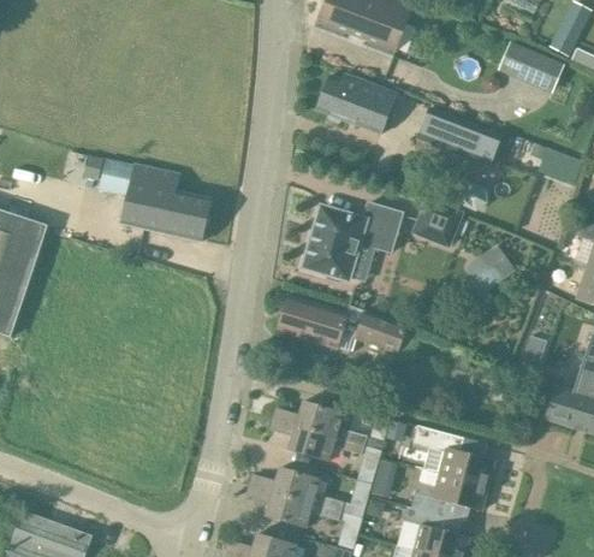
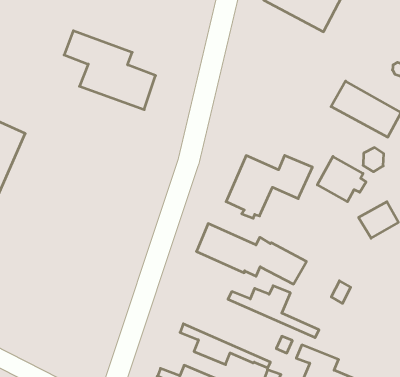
building: [316,73,393,134] -> none
building: [97,159,209,242] -> [64,31,156,110]
building: [272,396,385,451] -> [228,286,319,338]

